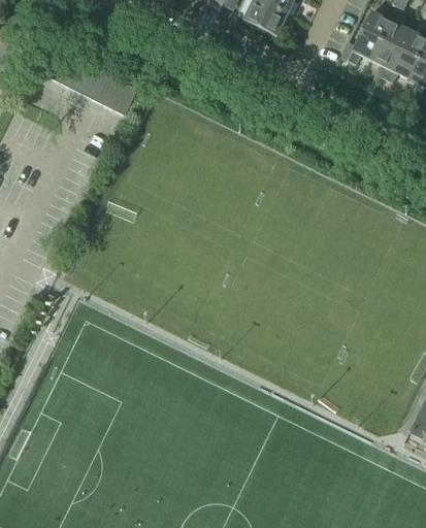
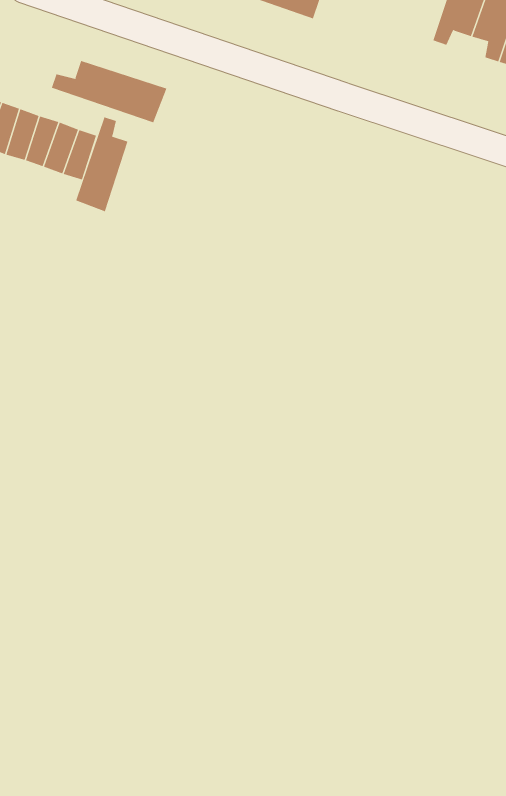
building: none -> [51,60,167,123]
building: none -> [75,116,128,212]

